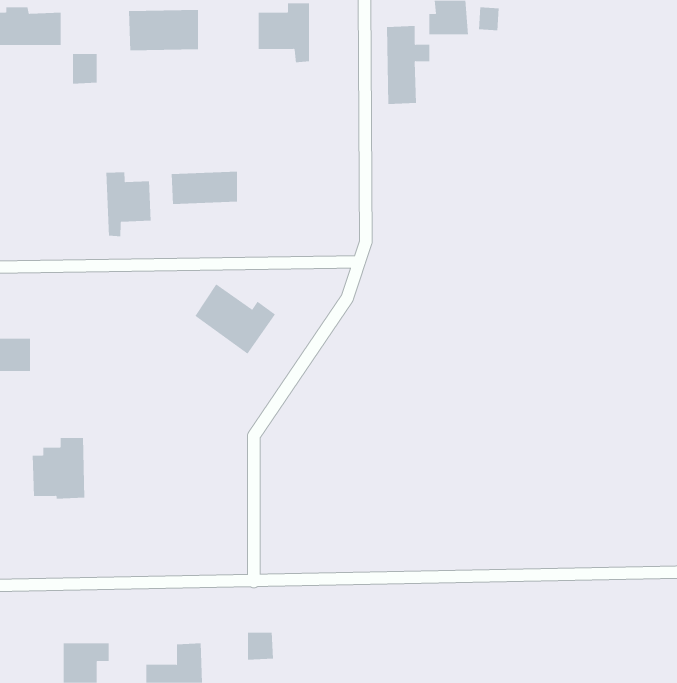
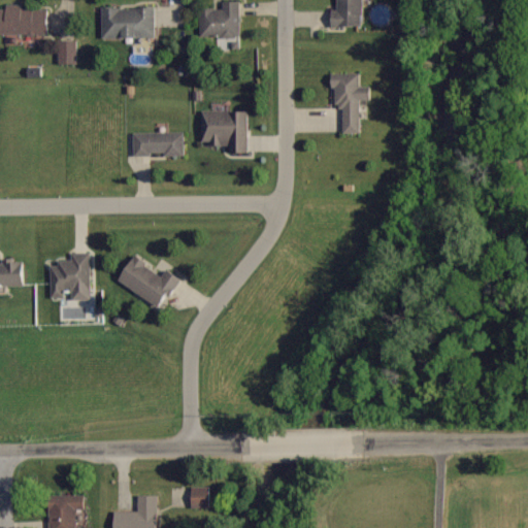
building: [386,26,430,104] -> [336,73,370,134]
building: none -> [200,111,248,155]
building: [106,171,151,237] -> none
building: [194,284,276,354] -> [119,256,182,310]
building: [32,438,85,499] -> [48,254,90,301]

